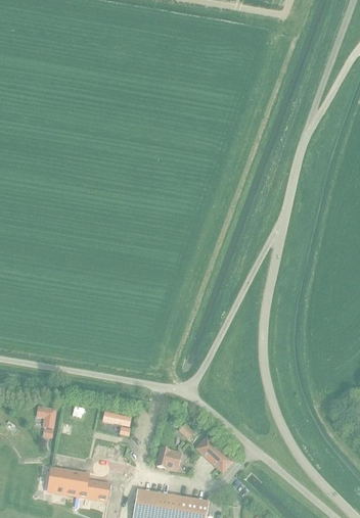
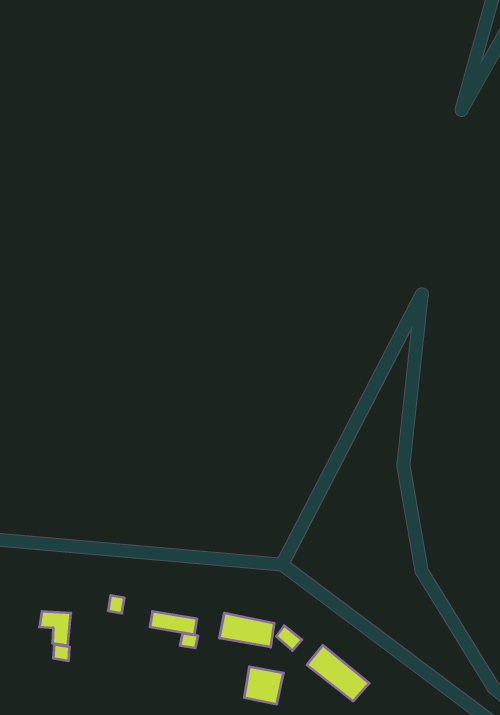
building: none -> [220,613,274,647]

